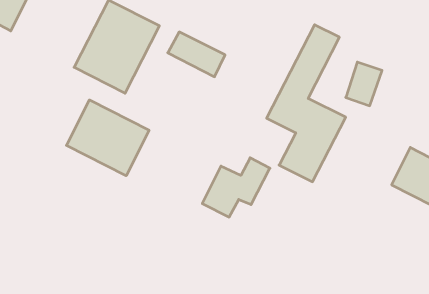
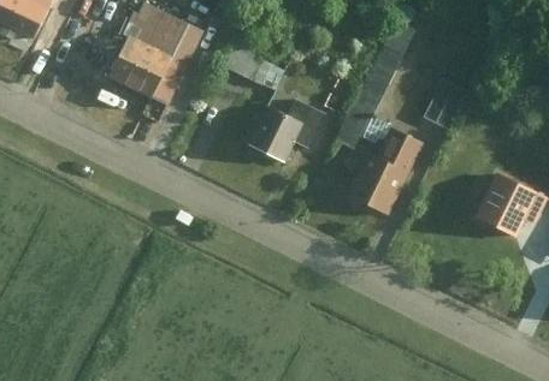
building: [66,100,149,176] -> none
building: [202,158,270,217] -> [249,94,327,162]

